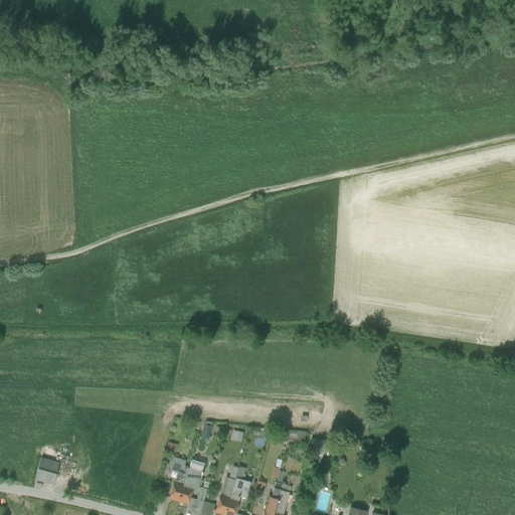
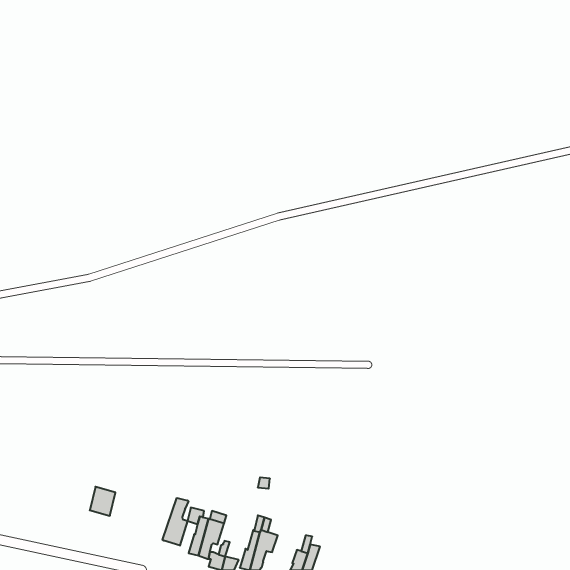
building: none -> [163,498,188,546]
building: [35,459,58,485] -> [90,487,115,516]

